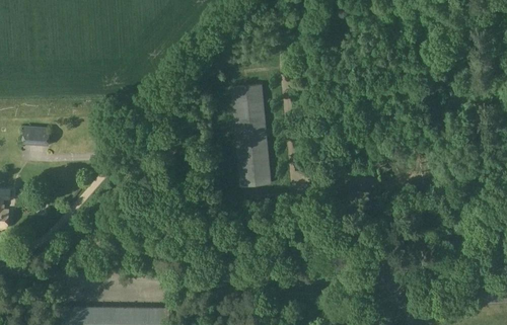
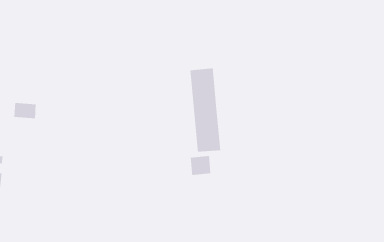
building: none -> [190,155,211,176]

